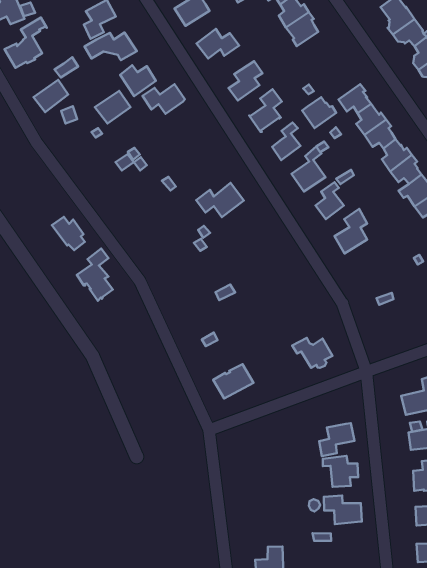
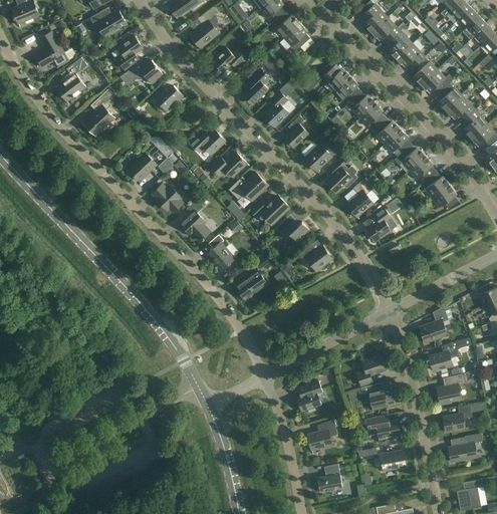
building: [142,84,185,114] -> [189,130,224,155]
building: [95,91,130,124] -> [127,153,156,181]
building: [302,97,336,128] -> [321,65,349,91]
building: none -> [210,152,246,177]
building: none -> [251,196,287,223]
building: [52,217,85,250] -> [152,185,181,211]
building: none -> [274,216,308,241]
building: none -> [364,207,396,241]
building: [77,249,113,301] -> [179,199,210,242]
building: none -> [207,234,233,269]
building: [292,338,332,368] -> [297,245,331,270]
building: [213,364,253,398] -> [234,270,267,300]
building: none -> [295,380,321,413]
building: none -> [306,420,336,449]
building: none -> [379,450,406,471]

